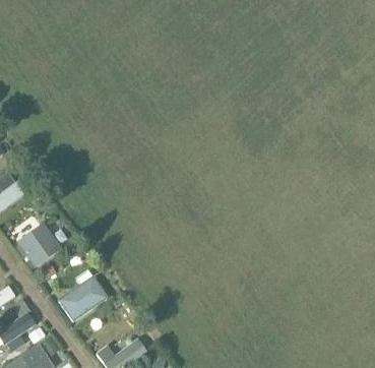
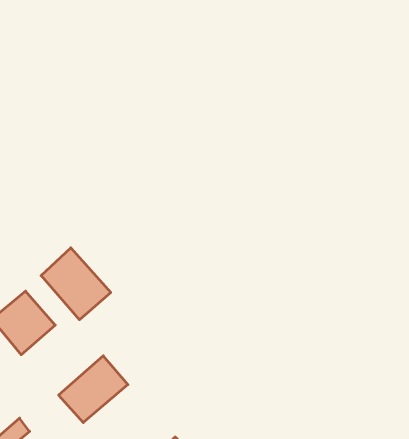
building: none -> [41,248,111,320]

